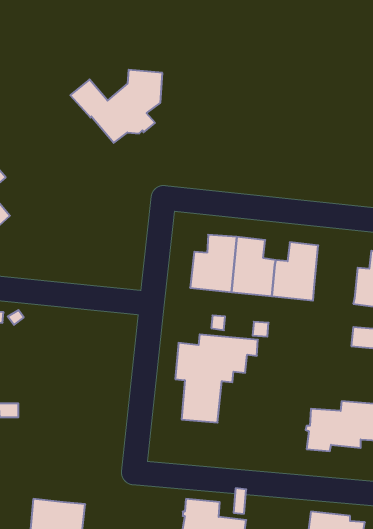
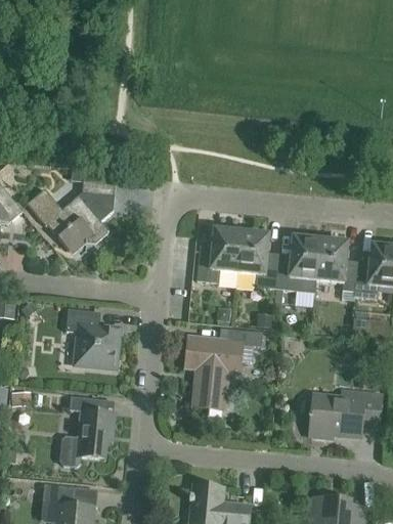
building: [70,70,162,143] -> [27,179,116,250]
building: none -> [316,239,358,291]
building: none -> [66,309,120,368]
building: none -> [60,397,115,466]

